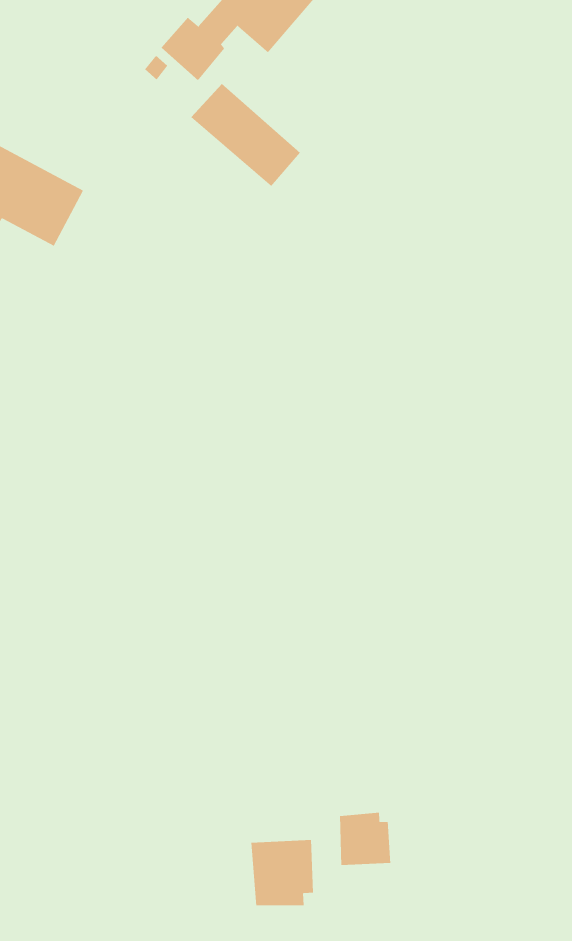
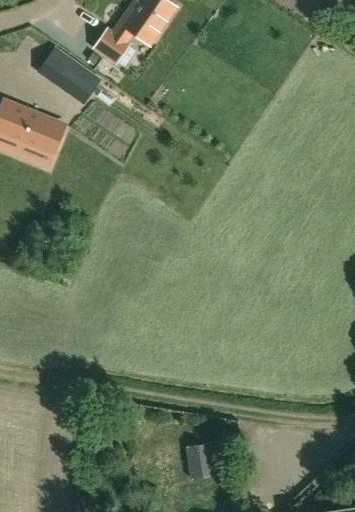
building: [191,83,301,187] -> [40,51,98,101]
building: [339,812,391,866] -> none

